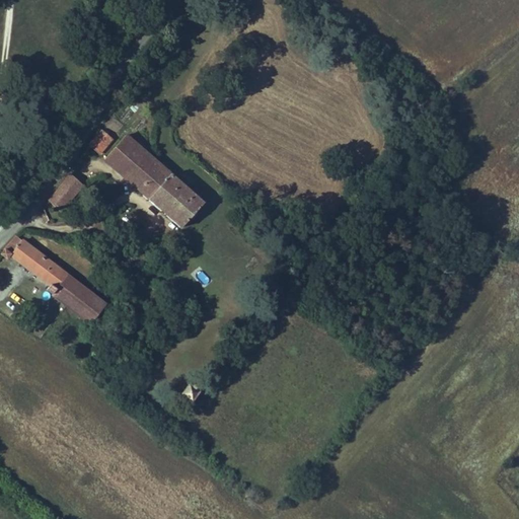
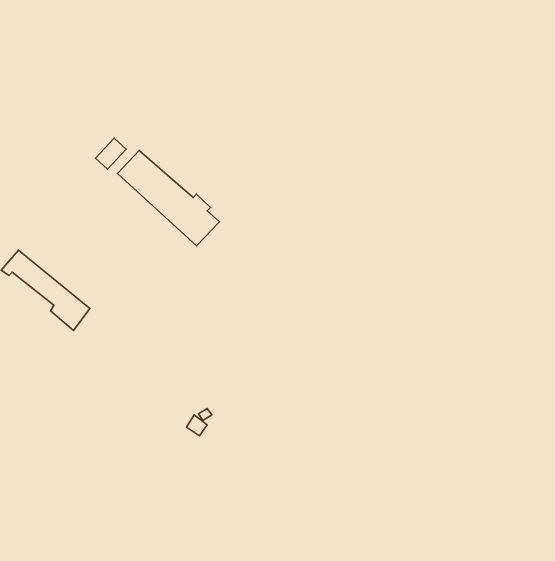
building: [44,176,80,214] -> none
building: [68,285,104,321] -> none

